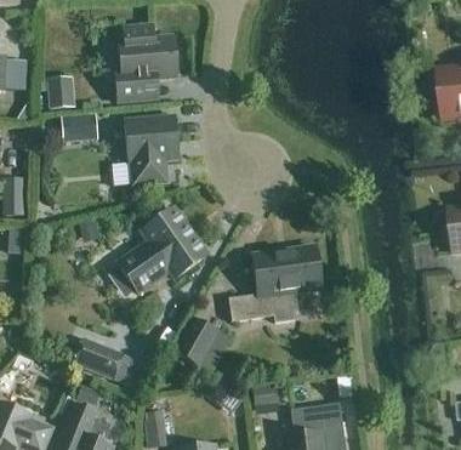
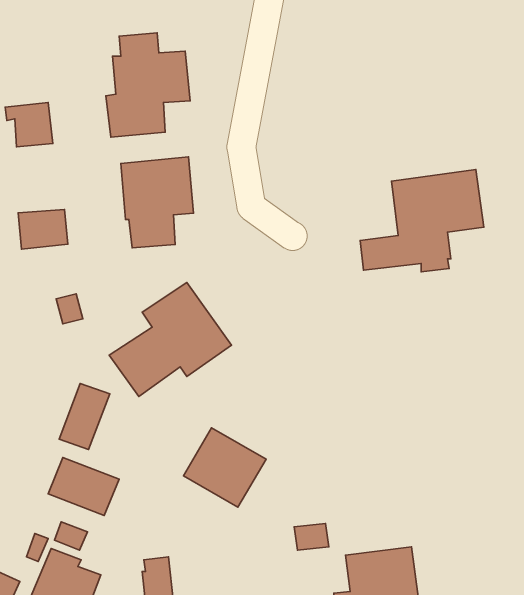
building: [59,112,96,141] -> [18,209,68,249]
building: [228,245,319,320] -> [360,169,484,272]
building: none -> [59,384,110,449]

